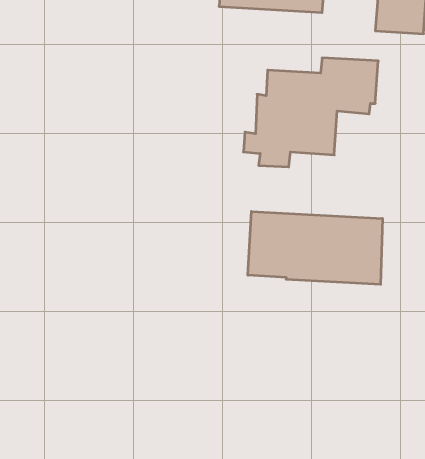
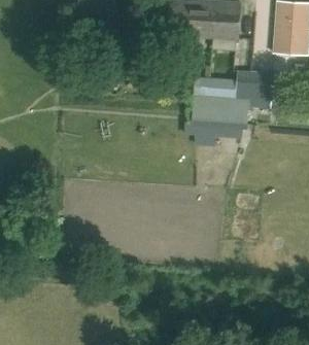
building: [248,211,382,284] -> none

